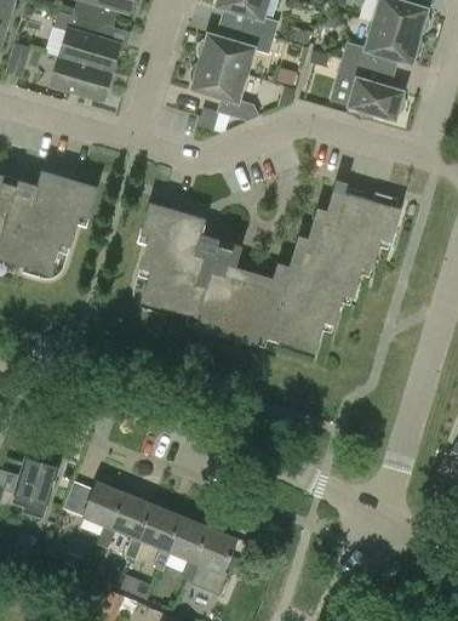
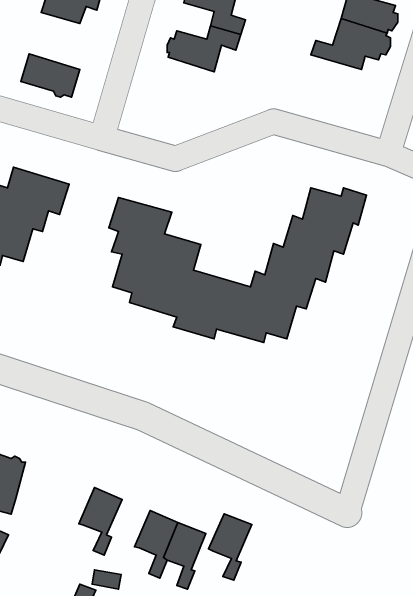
building: [53,10,119,72] -> none
building: [337,57,405,118] -> none
building: [190,59,257,119] -> none
building: [81,480,125,547] -> none
building: [137,503,181,570] -> [208,514,252,580]

